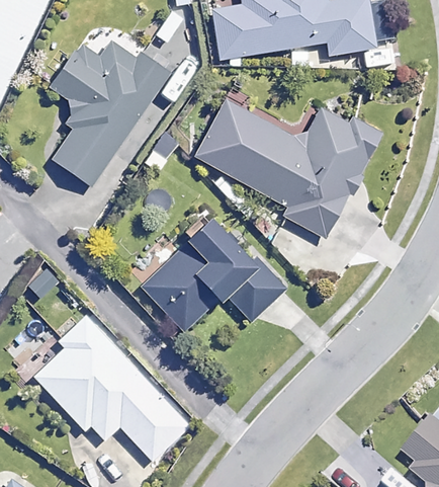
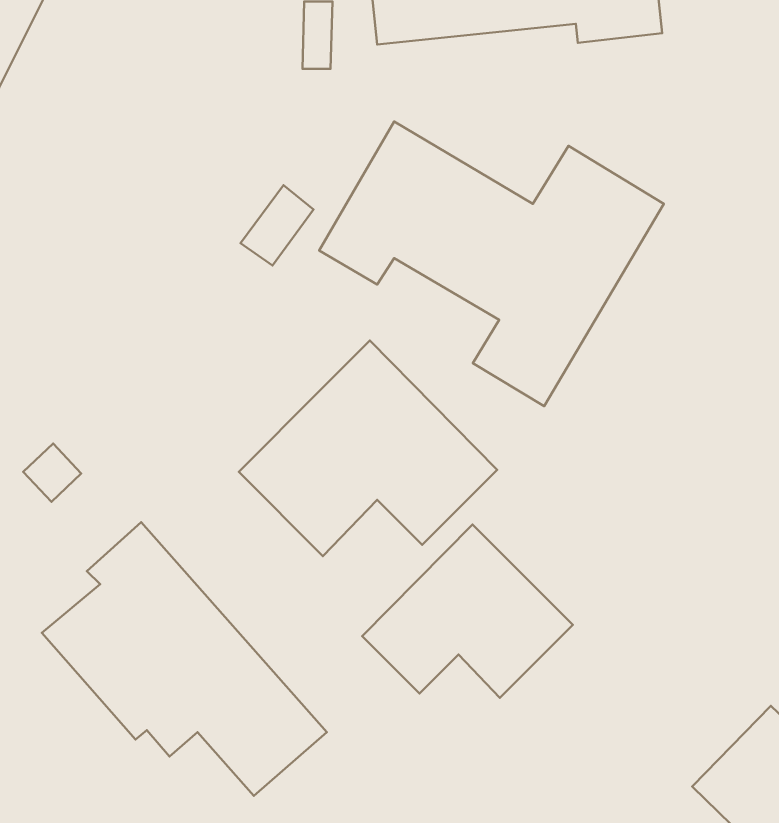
building: [55,43,170,183] -> none
building: none -> [362,524,573,698]

